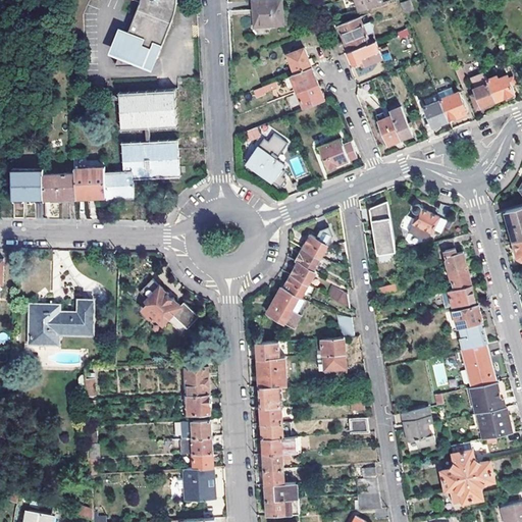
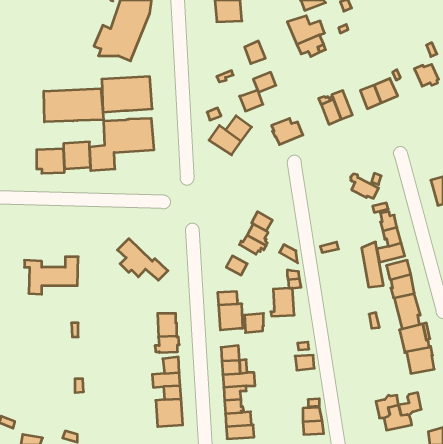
building: [290,69,317,94] -> [239,90,263,111]
building: [470,84,494,109] -> none
building: none -> [44,89,103,122]
building: [11,173,43,204] -> none
building: [368,203,394,256] -> [362,242,383,287]
building: [302,228,332,259] -> none
building: [272,288,304,314] -> none
building: [258,385,280,408] -> [244,313,264,333]
building: [404,407,435,447] -> none
building: [452,450,479,475] -> none

